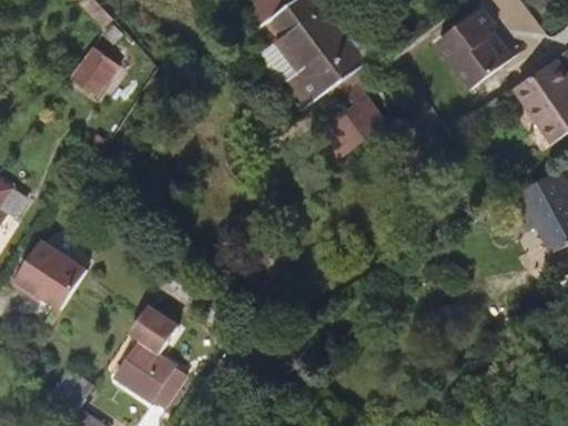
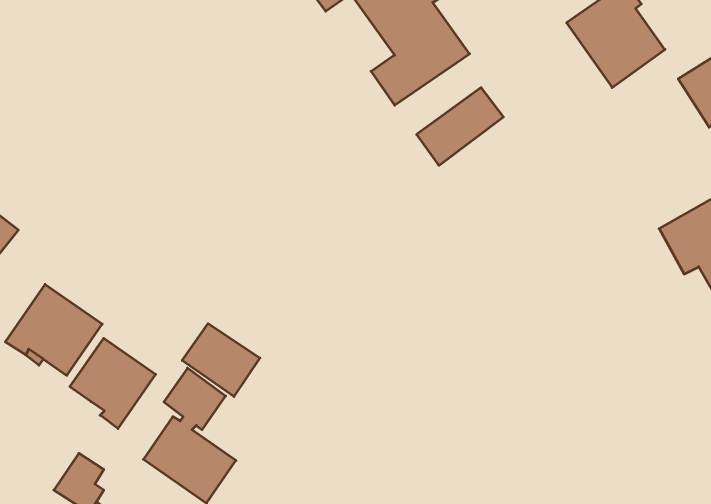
building: [71,49,115,94] -> none
building: none -> [182,324,260,397]
building: none -> [70,338,156,429]

